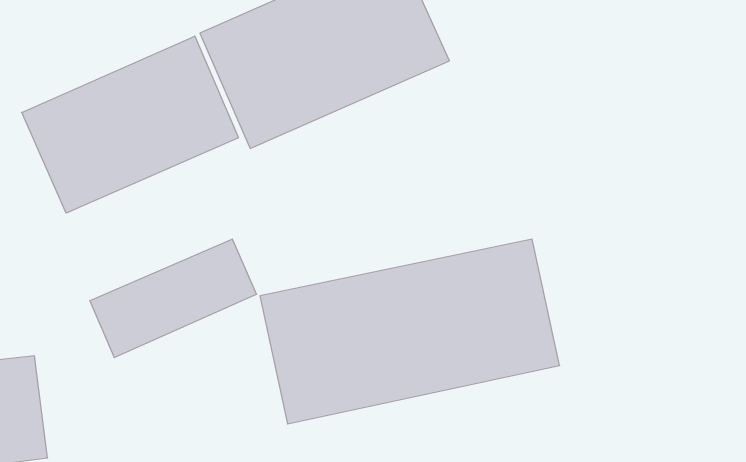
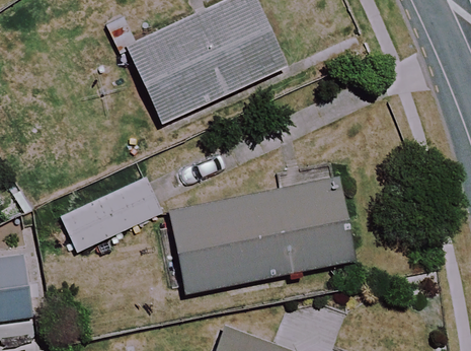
building: [22,36,238,213] -> none

